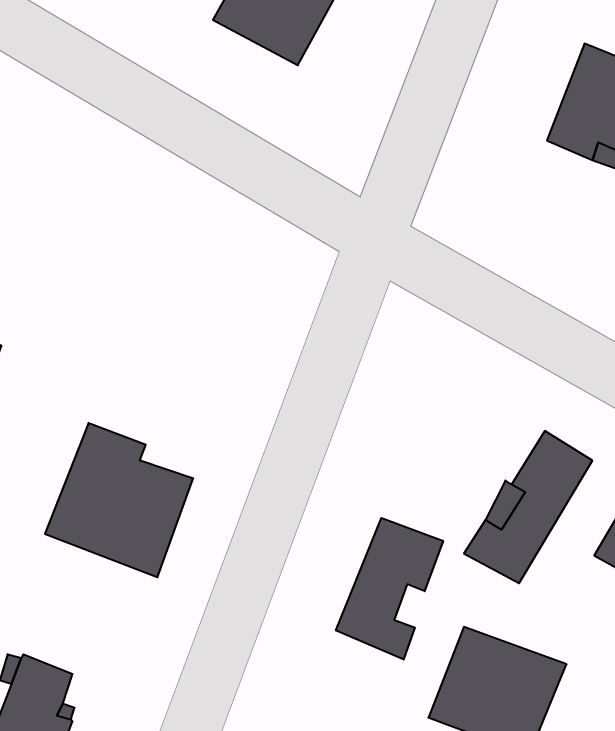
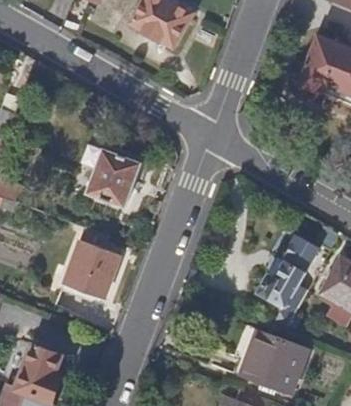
building: none -> [86,148,141,207]
building: [336,518,443,660] -> none

